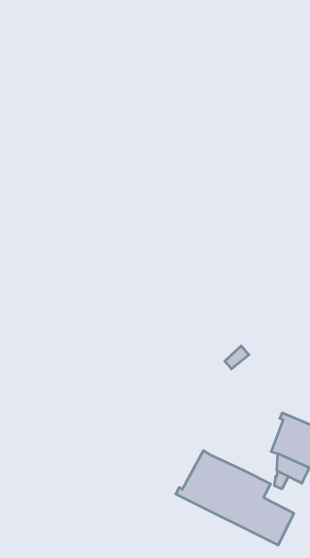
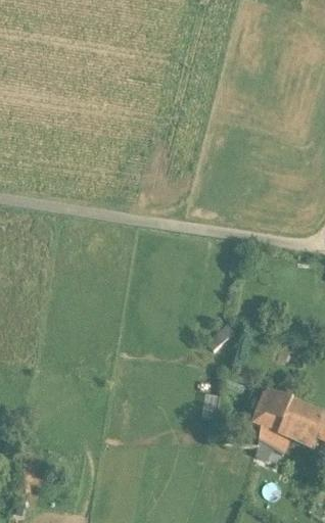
building: [176,451,294,545] -> none

